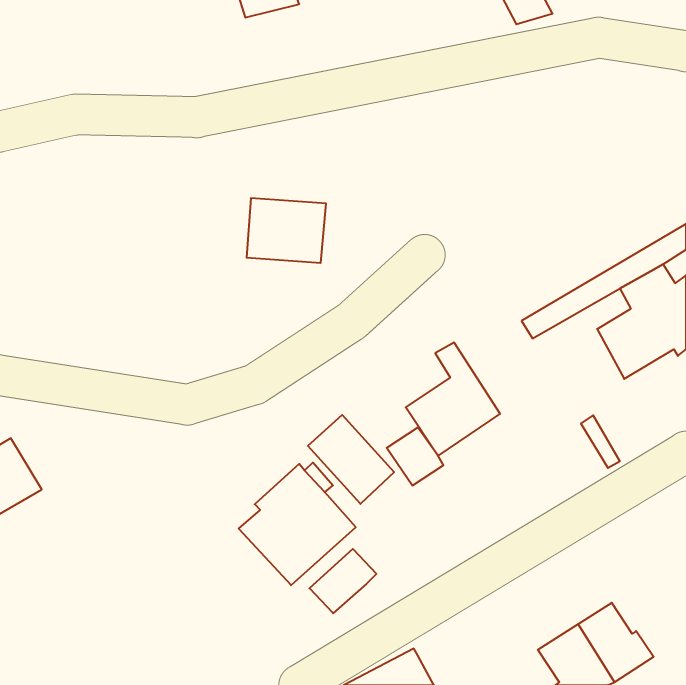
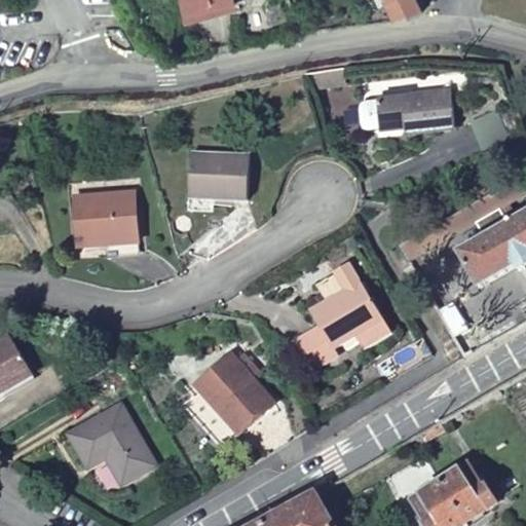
building: none -> [375,88,454,133]
building: none -> [73,191,136,245]
building: [308,415,394,504] -> none
building: none -> [68,404,153,483]
building: [309,549,376,613] -> none

